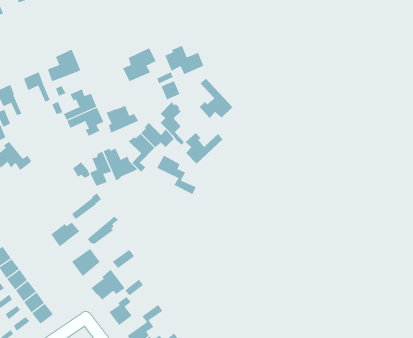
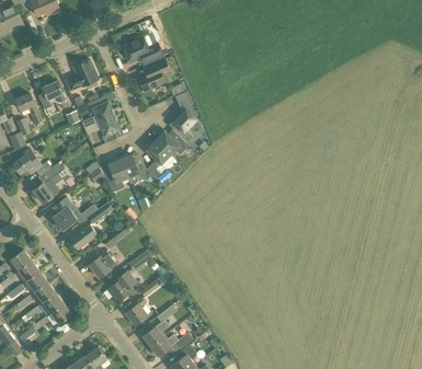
building: [164,45,204,75] -> [124,36,162,65]
building: [199,78,233,119] -> none
building: [106,105,139,134] -> none
building: [185,132,223,164] -> none
building: [156,155,197,195] -> none
building: none -> [32,168,71,204]
building: none -> [52,197,76,230]

